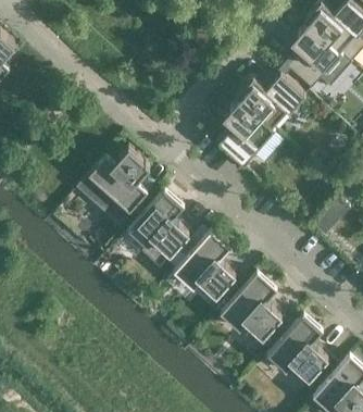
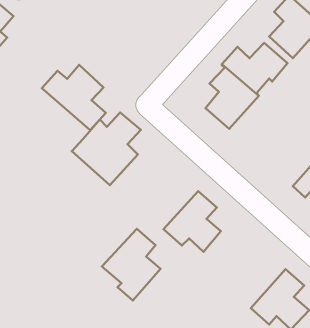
building: none -> [42,65,106,130]
building: [127,189,189,265] -> [102,229,161,300]
building: [221,272,281,336] -> none

